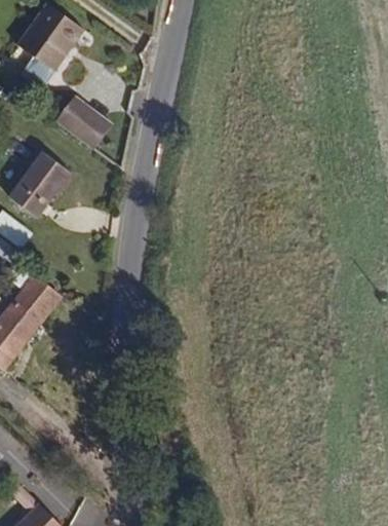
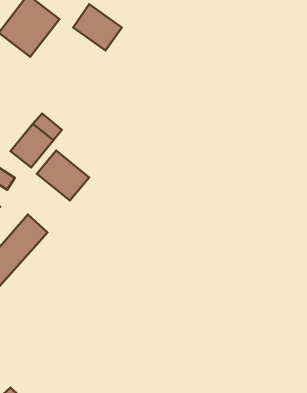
building: [51,93,110,149] -> [73,4,122,51]
building: none -> [37,151,89,201]

